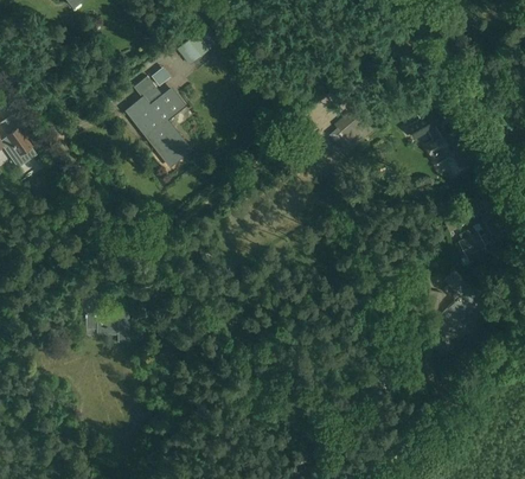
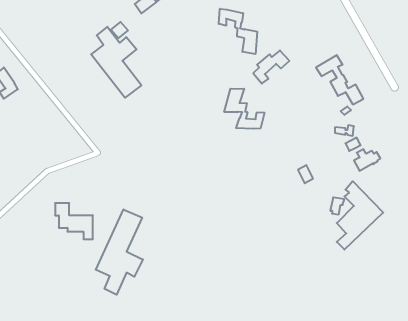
building: none -> [219,9,257,54]
building: none -> [224,89,264,129]
building: none -> [96,209,143,295]

